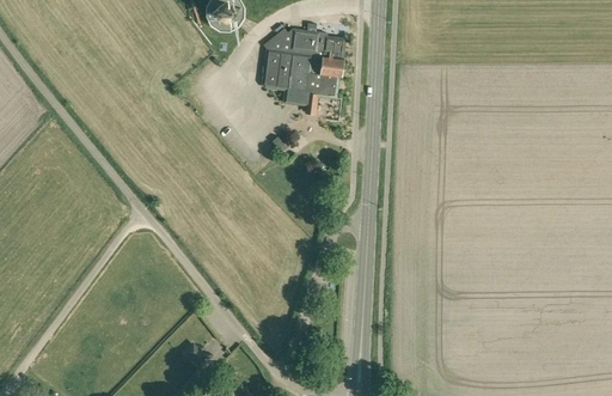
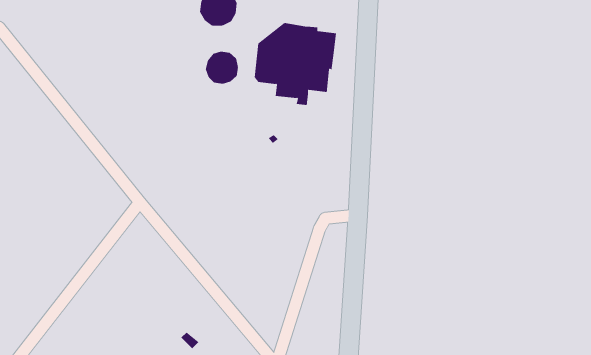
building: none -> [205,51,238,84]

